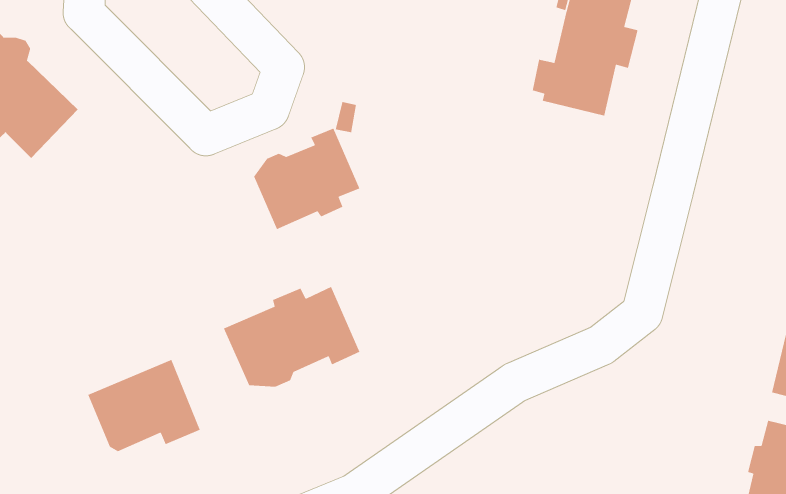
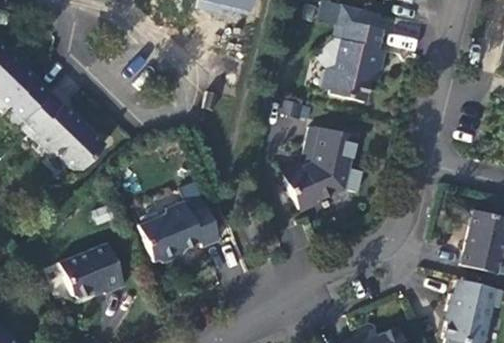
building: none -> [27,96,107,173]
building: [253,128,361,230] -> none
building: none -> [284,126,356,208]

